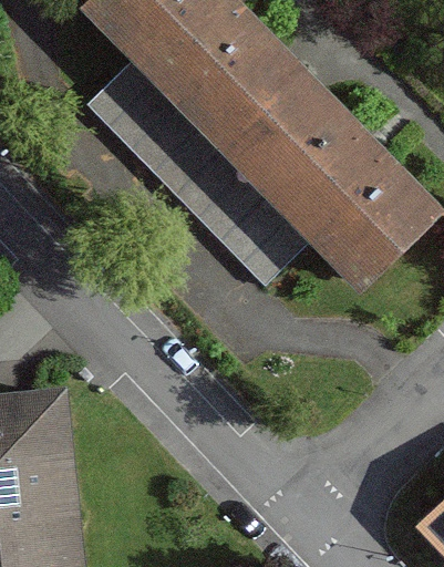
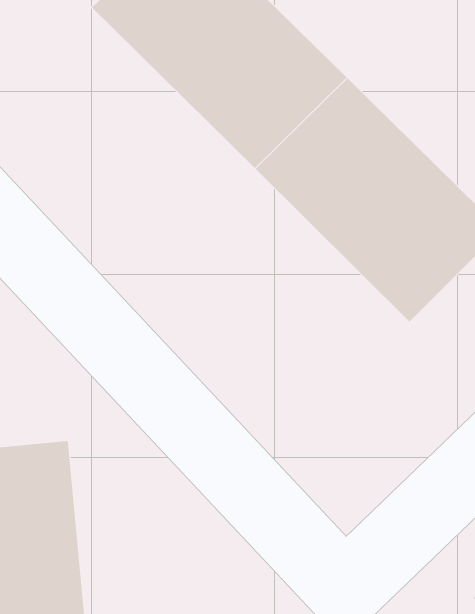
building: [87,63,308,285] -> none

